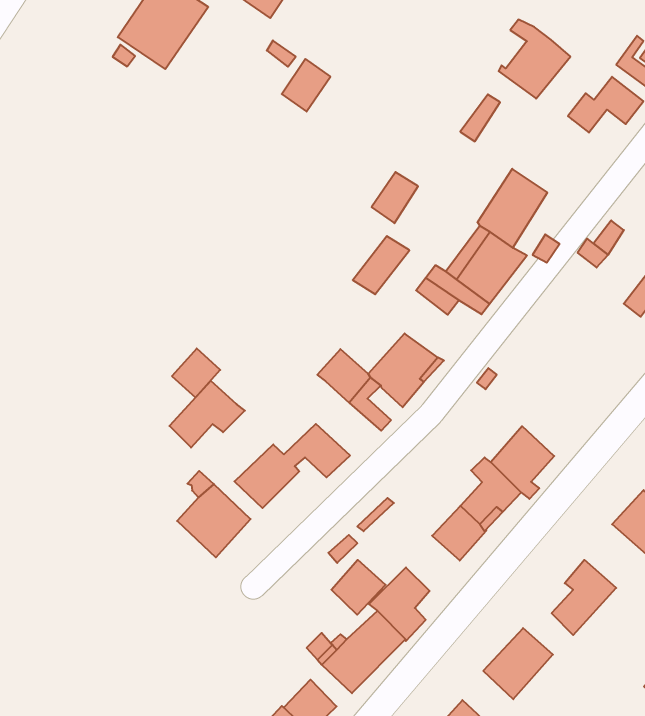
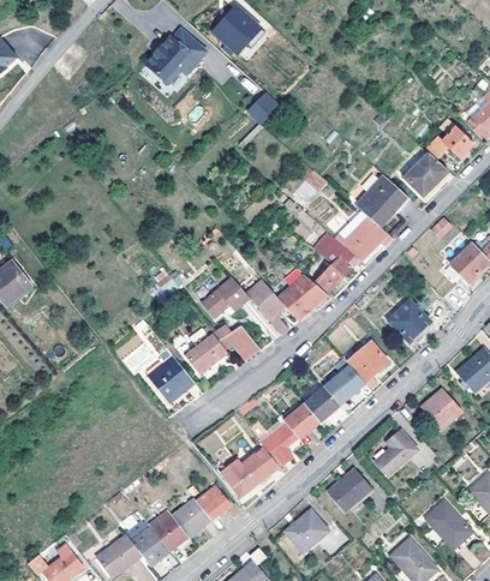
building: [499,20,570,99] -> [401,144,448,196]
building: [353,236,409,294] -> [316,256,354,292]
building: none -> [389,300,432,343]
building: [169,381,245,448] -> [201,275,250,316]
building: [331,560,386,615] -> [286,403,321,438]

